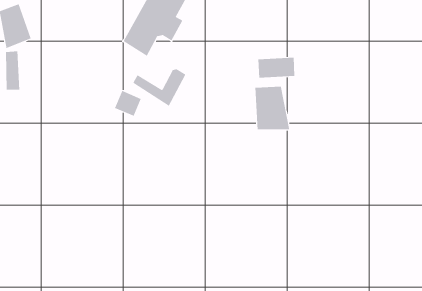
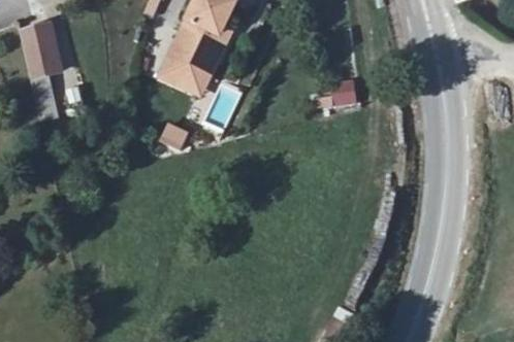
building: [132,69,186,106] -> [157,58,216,99]
building: [255,86,290,130] -> none

